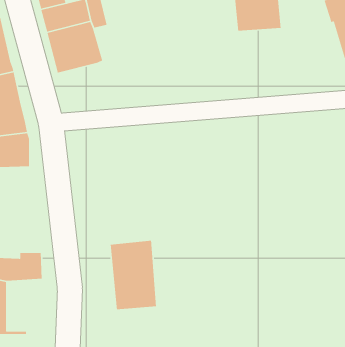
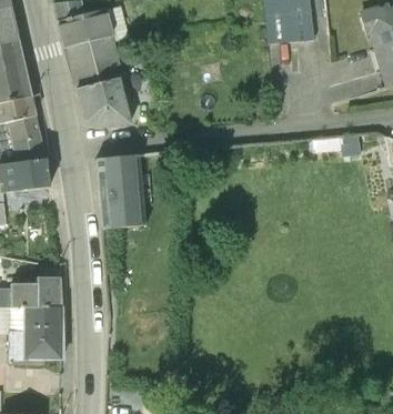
building: none -> [77,77,132,127]
building: [110,240,157,310] -> [97,153,147,228]
building: none -> [23,305,63,360]

